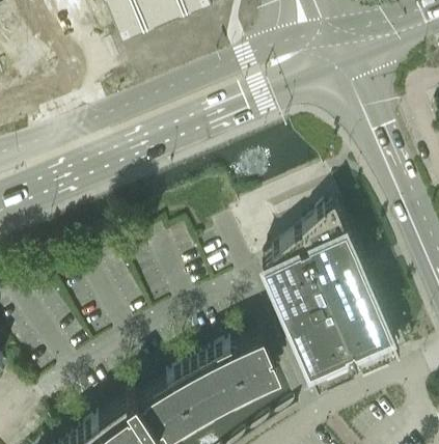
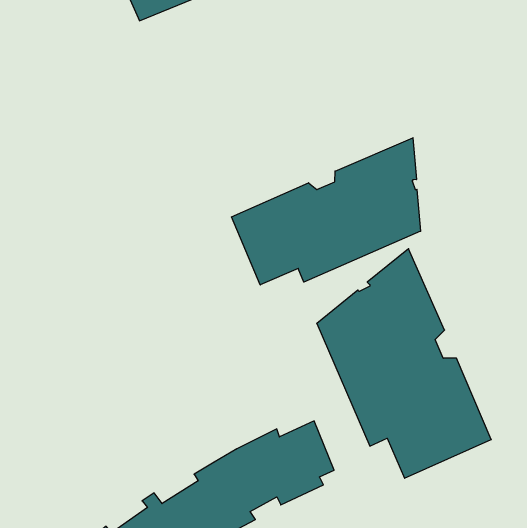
building: none -> [232,138,421,285]

